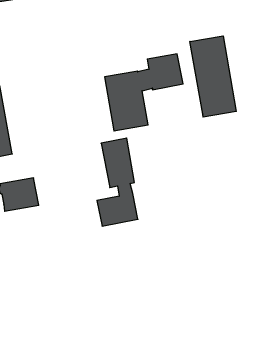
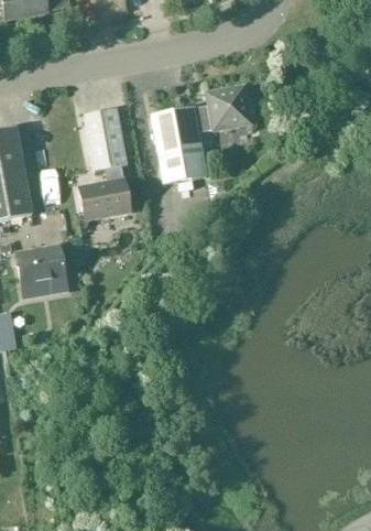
building: [190,36,236,117] -> none
building: [97,138,138,226] -> [78,107,131,220]

